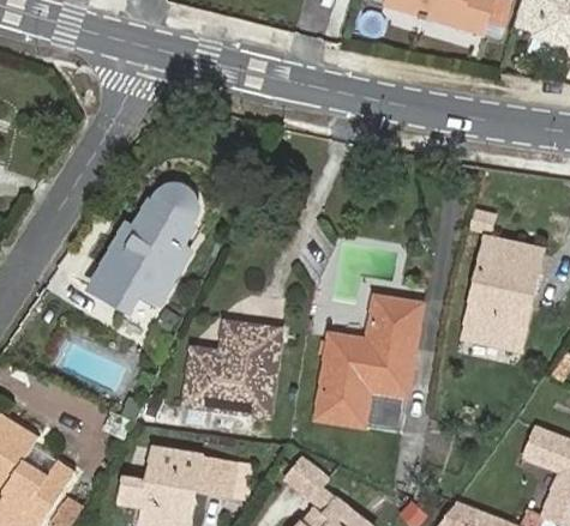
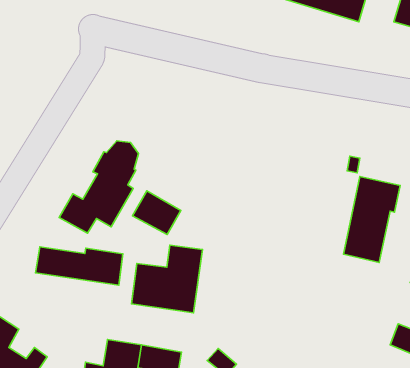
building: none -> [133,191,181,234]
building: [317,297,421,429] -> none
building: none -> [35,247,123,285]

